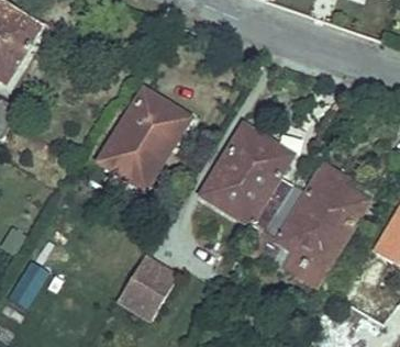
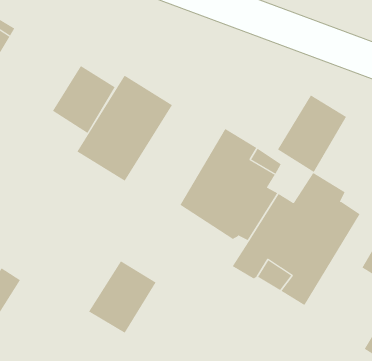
building: none -> [52,65,115,134]
building: none -> [277,95,347,173]

